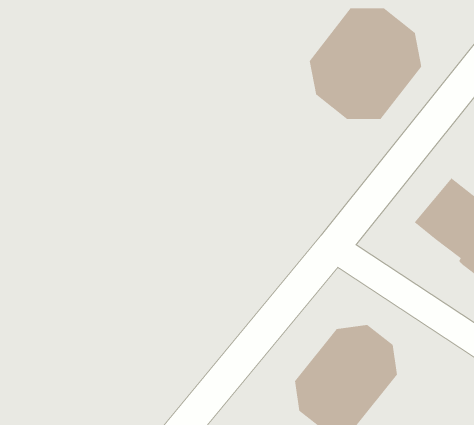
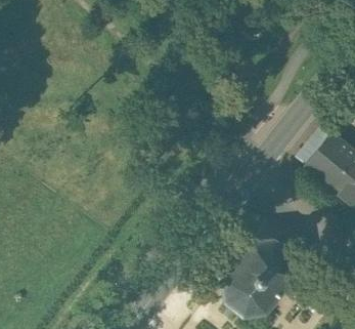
building: [309,8,422,120] -> none

